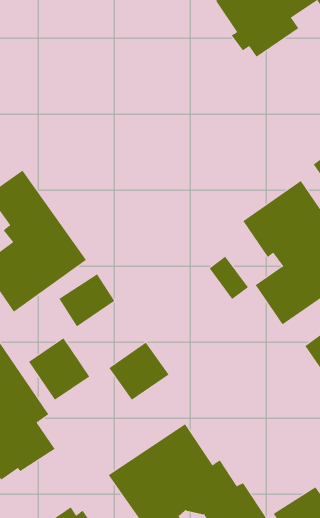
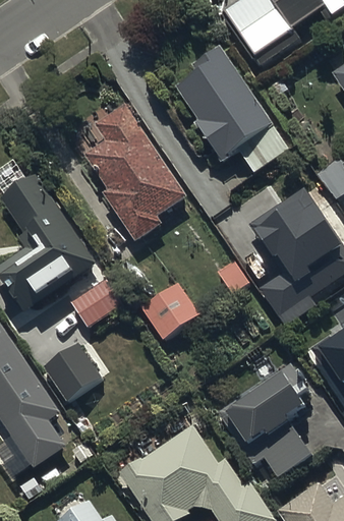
building: none -> [175,46,274,161]
building: none -> [84,104,187,240]
building: [109,342,169,401] -> [140,282,199,339]
building: none -> [219,362,312,477]

